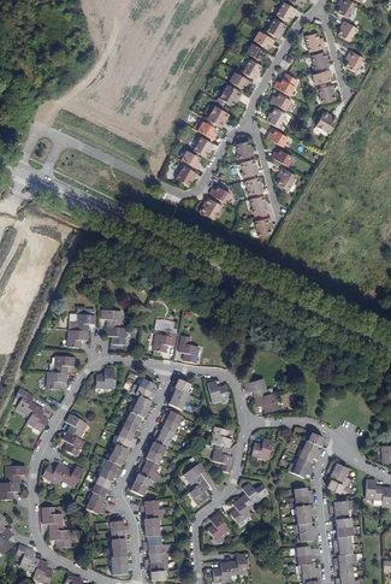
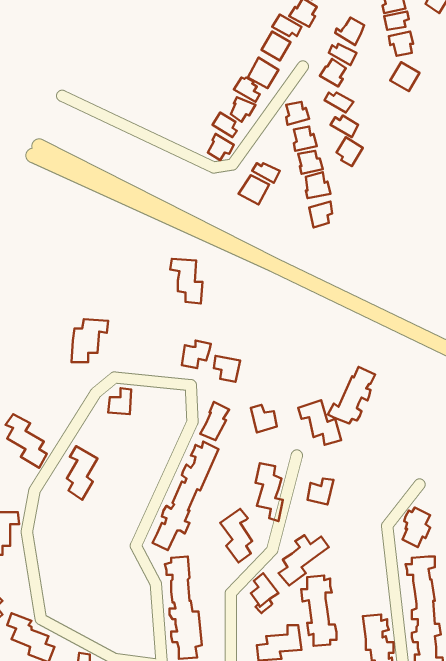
building: [100,309,125,344] -> [170,259,202,303]
building: [46,355,75,389] -> none
building: [85,377,156,513] -> none
building: [286,432,324,477] -> [328,367,375,424]
building: [42,462,84,486] -> none
building: [289,486,316,542] -> [301,576,336,646]
building: [42,506,70,547] -> none
building: [109,520,129,574] -> none

